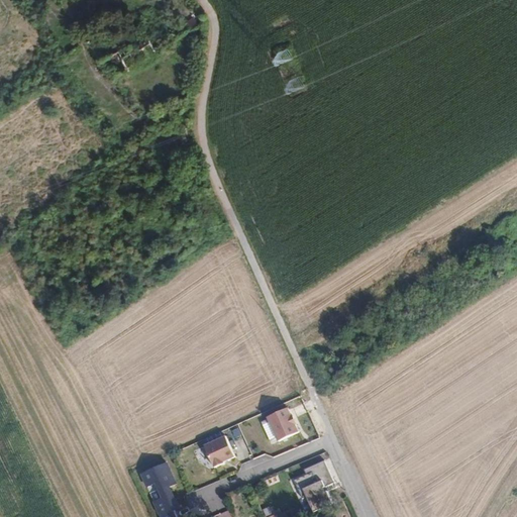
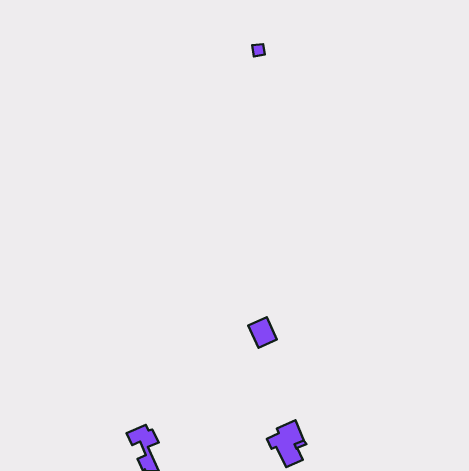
building: [266,407,297,440] -> [248,317,277,348]
building: [202,435,232,468] -> none

